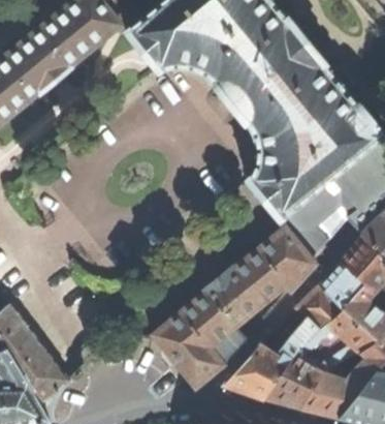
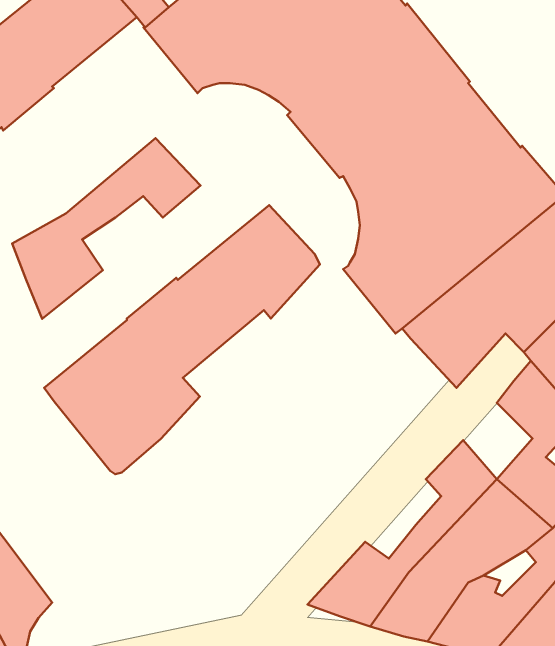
building: none -> [12,138,200,319]
building: [152,224,320,389] -> [44,205,320,474]
building: [321,264,363,310] -> none

